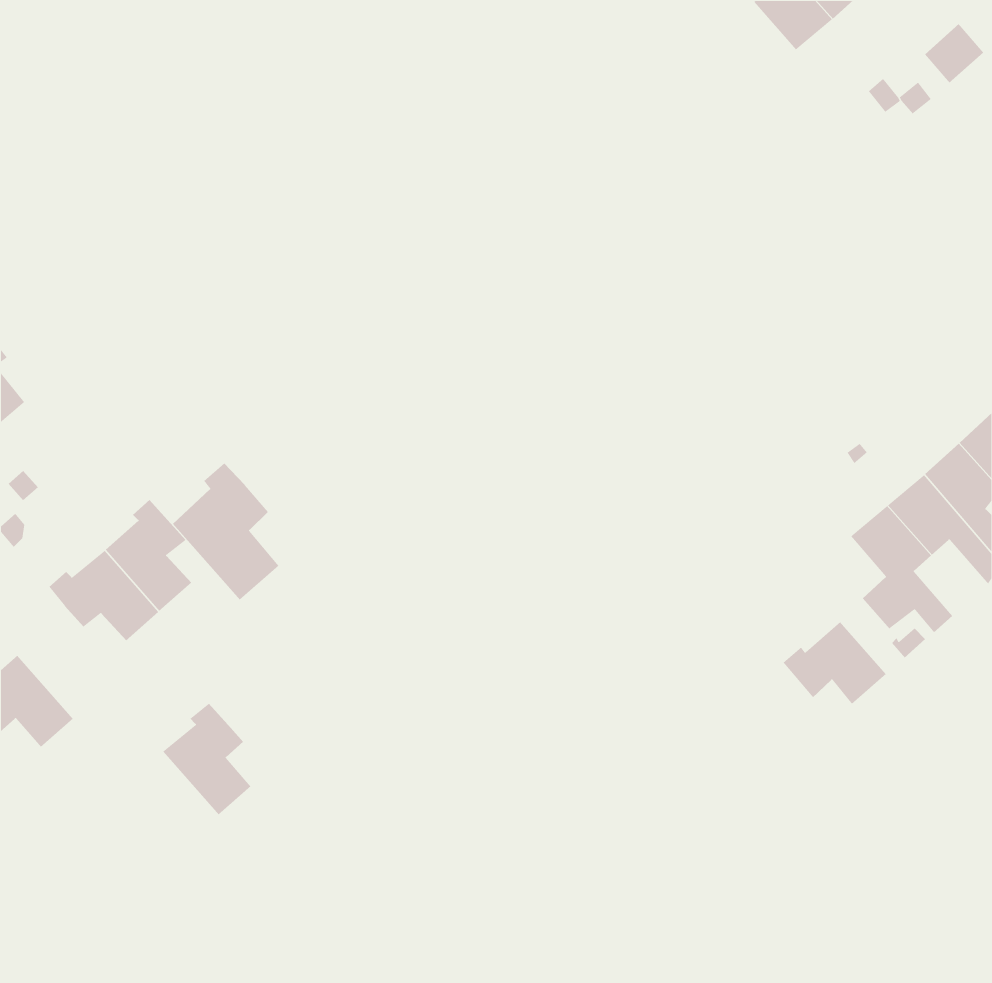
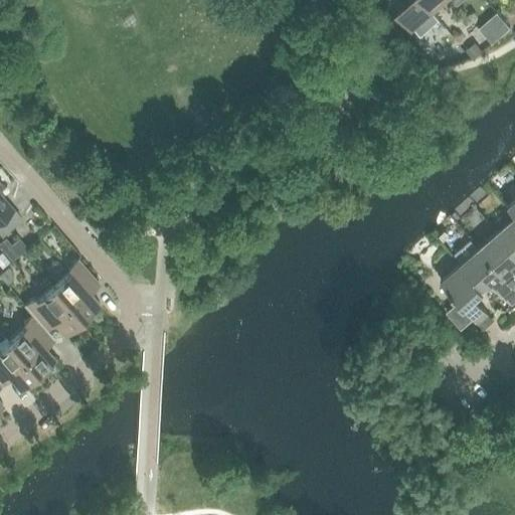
building: [172,462,279,601] -> none
building: [782,621,887,705] -> none
building: [162,703,252,816] -> [9,319,55,377]

